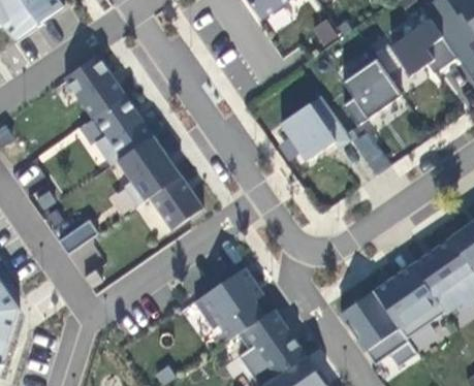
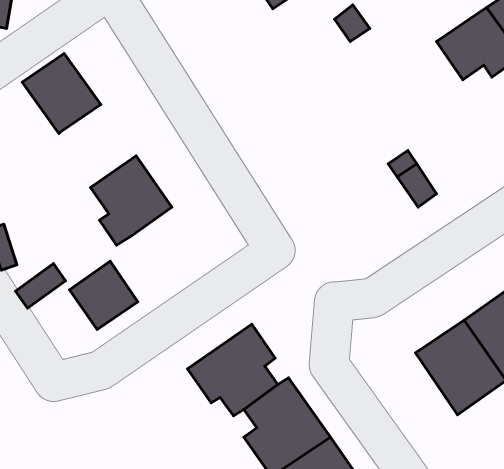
building: [343,59,402,126] -> none
building: [94,95,154,165] -> none
building: [280,96,351,161] -> none
building: [150,175,203,229] -> [69,261,138,329]
building: [340,290,417,366] -> none

